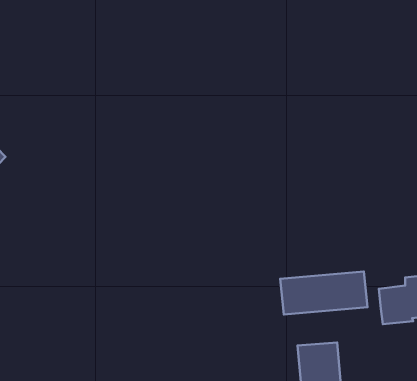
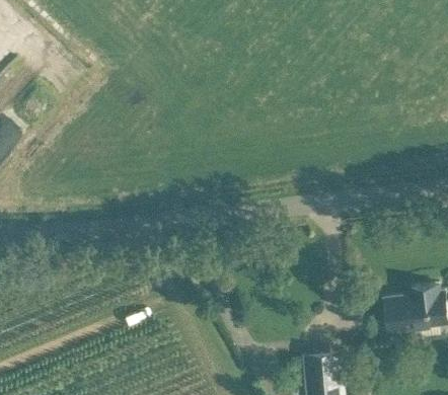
building: [280,271,368,315] -> none

